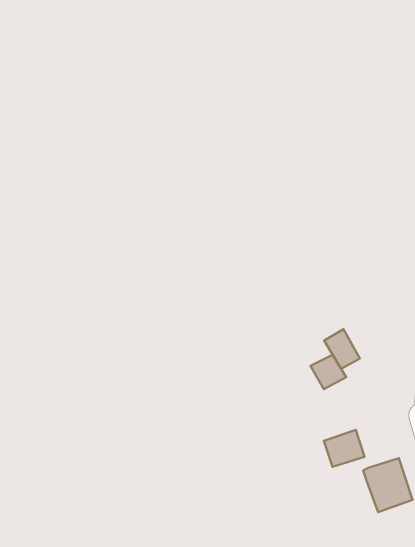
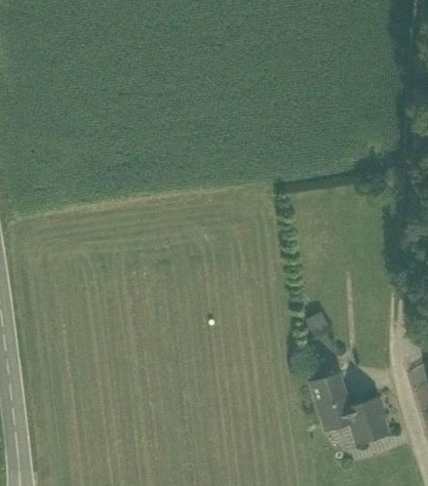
building: [324,329,360,369] -> none
building: none -> [320,399,350,427]

